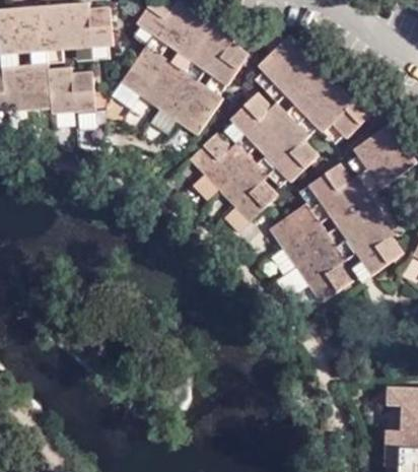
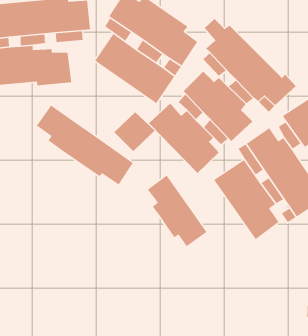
building: none -> [36,104,134,186]
building: none -> [114,111,155,152]
building: none -> [147,174,208,247]

